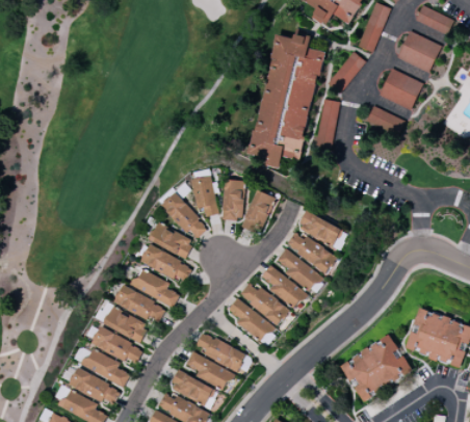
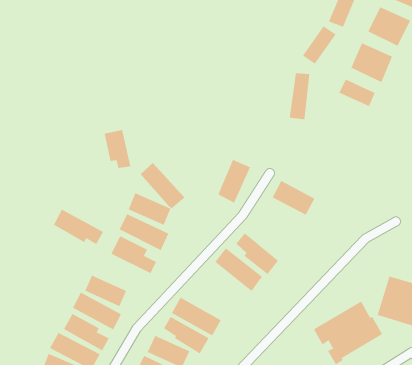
building: [251,33,321,168] -> none
building: [190,176,218,216] -> [104,129,131,169]
building: [223,180,244,220] -> none
building: [286,229,336,274] -> none
building: [276,248,324,296] -> none
building: [113,285,165,322] -> [53,209,104,245]
building: [228,299,278,344] -> none

